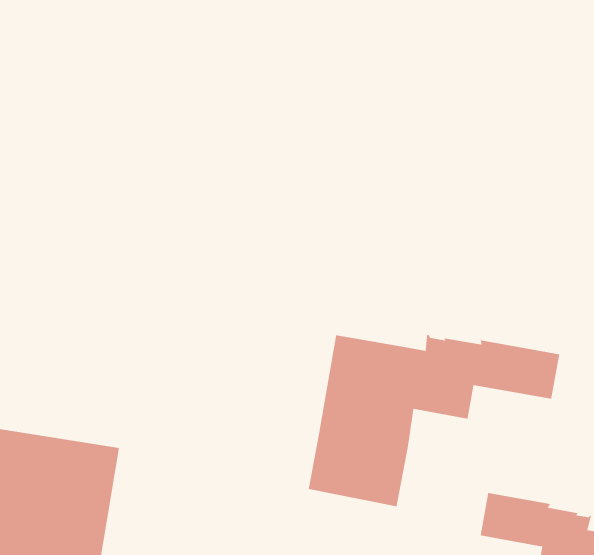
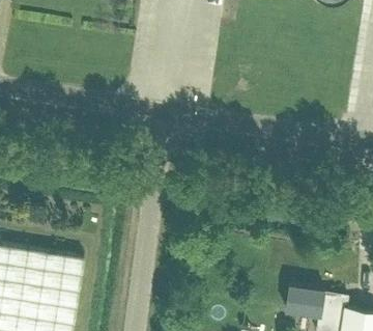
building: [308,334,560,507] -> none

